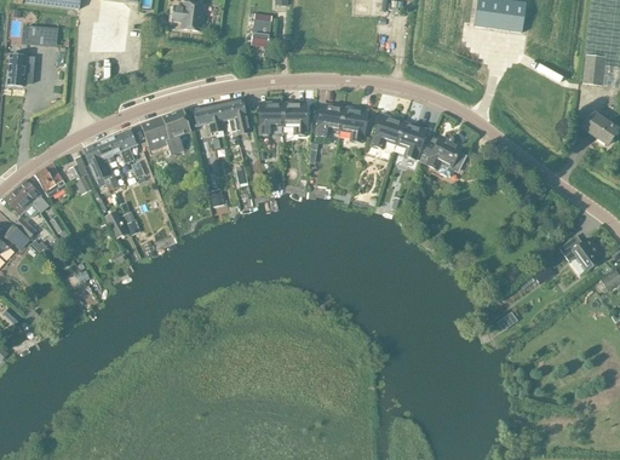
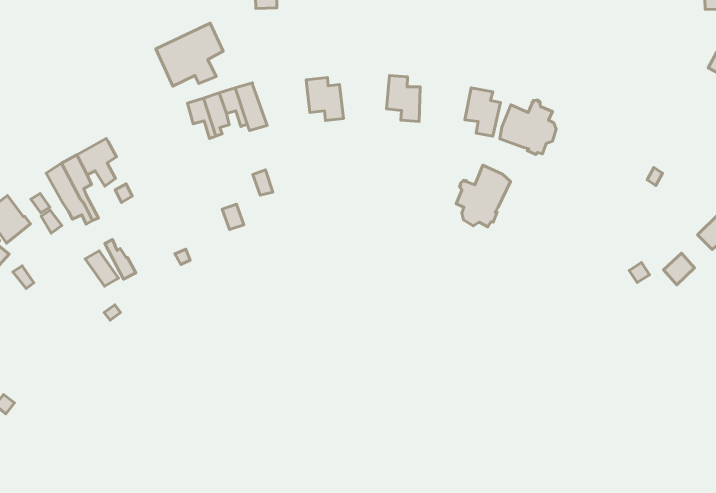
building: [260,102,285,133] -> none
building: [317,103,346,137] -> none
building: [143,109,193,153] -> [156,23,223,86]
building: [373,115,406,148] -> none
building: none -> [456,165,511,227]

